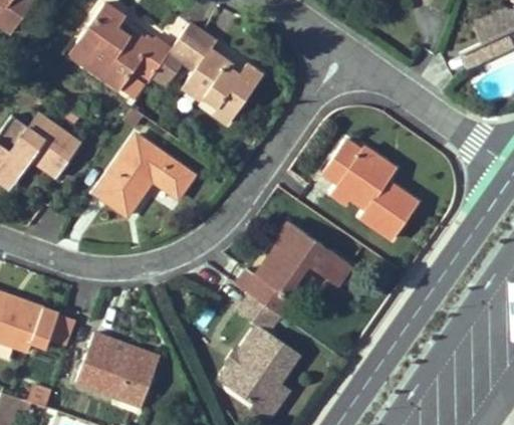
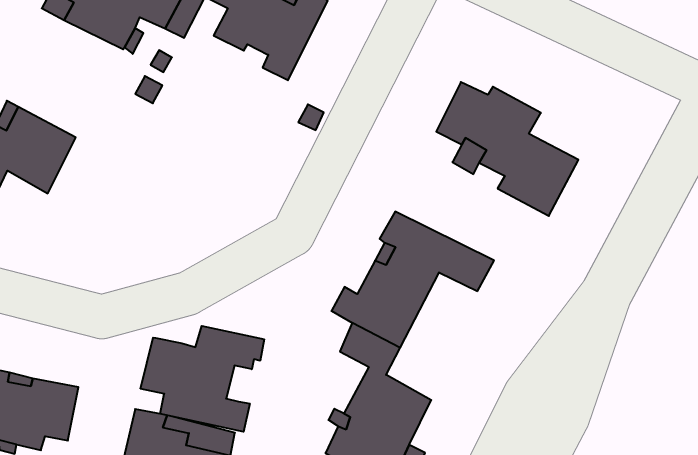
building: [95,135,196,216] -> none
building: none -> [141,326,264,432]

